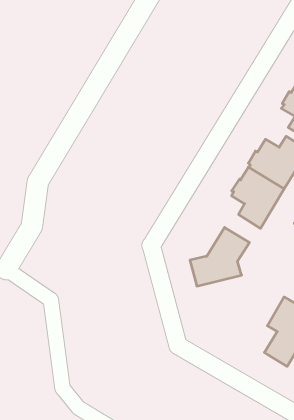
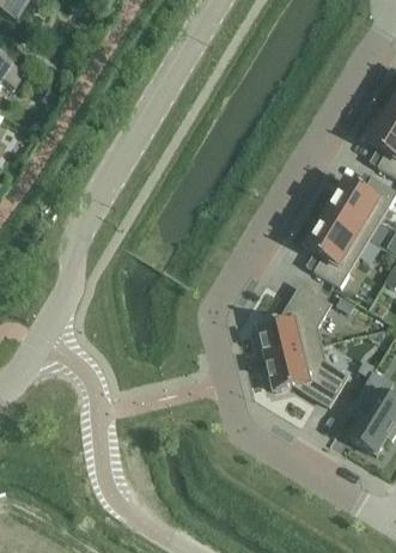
building: none -> [266,342,346,403]

